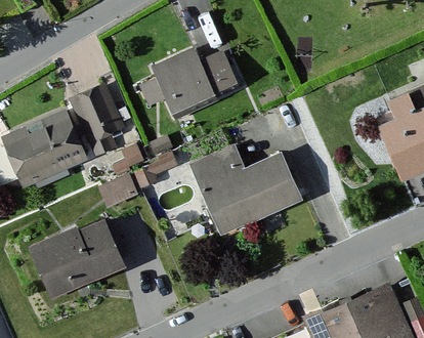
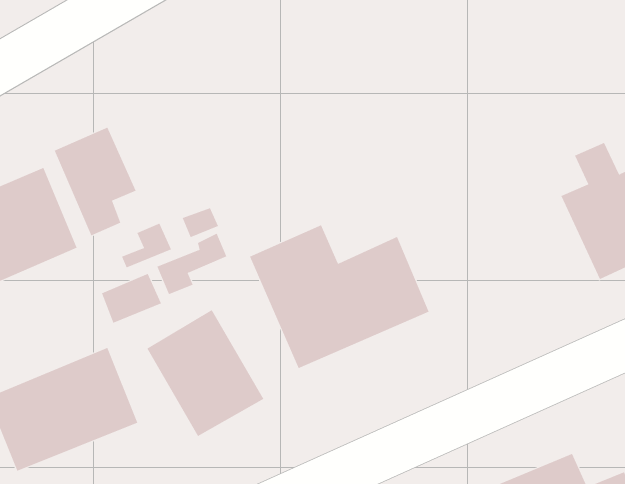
building: [153,49,238,113] -> none
building: none -> [147,309,264,437]

